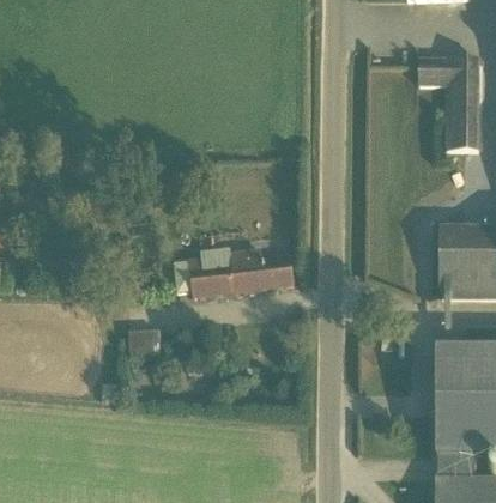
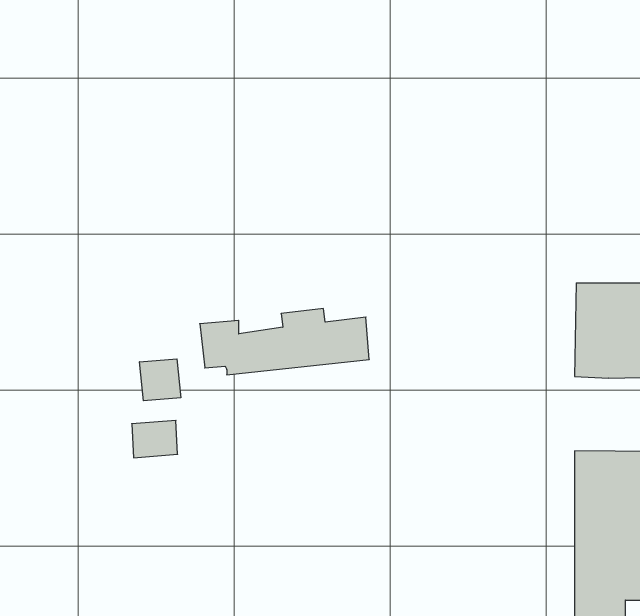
building: [418,57,479,150] -> none
building: none -> [140,359,181,401]

